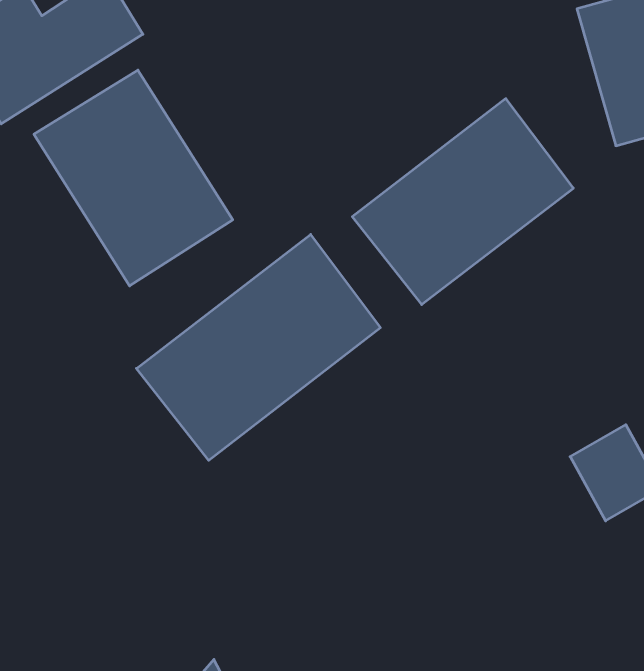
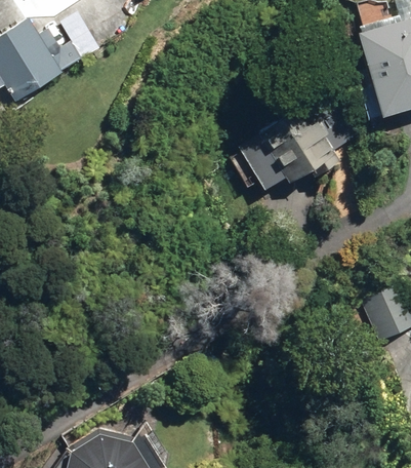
building: [34,70,233,286] -> none
building: [136,234,380,460] -> none

